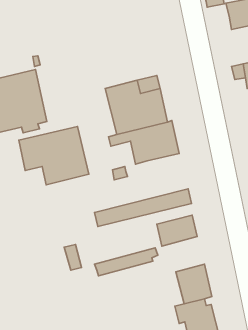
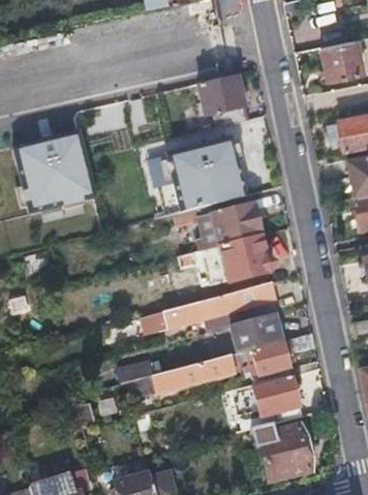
building: none -> [197,76,247,129]
building: [19,127,89,185] -> none
building: none -> [219,237,269,282]
building: none -> [238,334,315,379]

